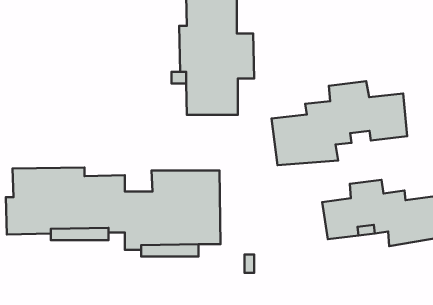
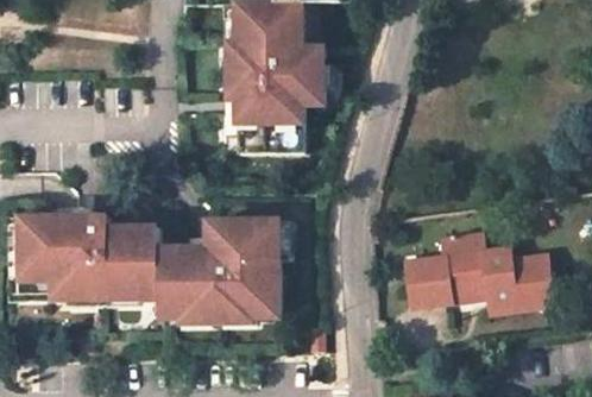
building: [272,81,407,165] -> none

